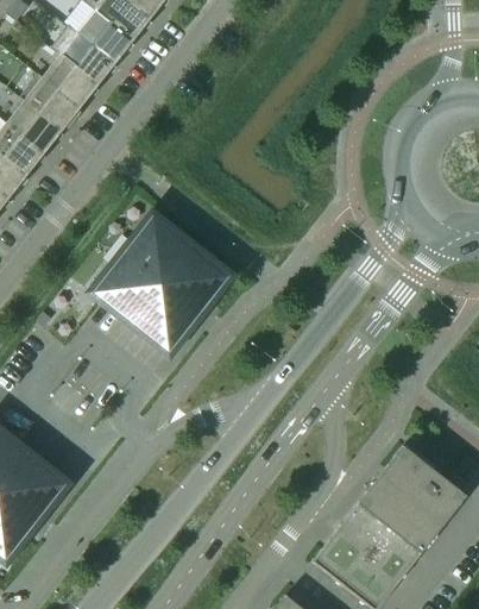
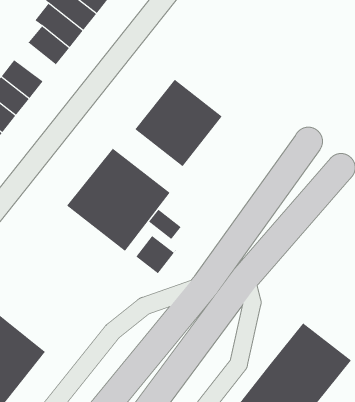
building: [20,74,80,128] -> none
building: none -> [134,79,223,168]
building: none -> [148,209,181,240]
building: none -> [136,235,177,274]

